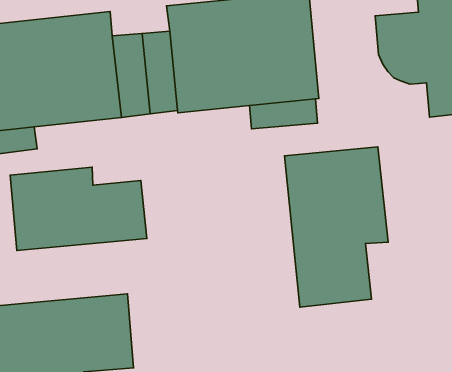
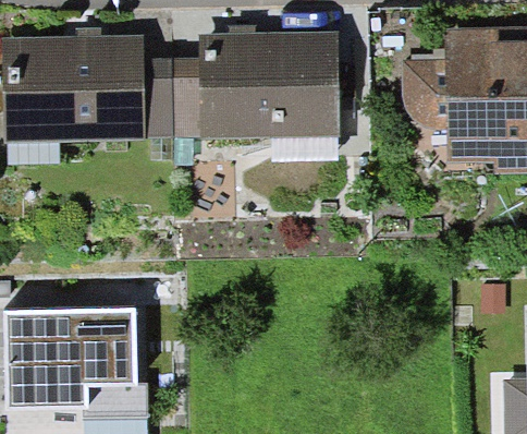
building: [285,147,388,307] -> none
building: [10,167,147,250] -> none

